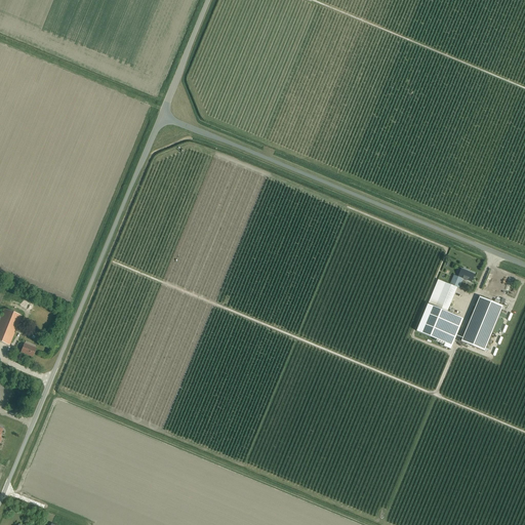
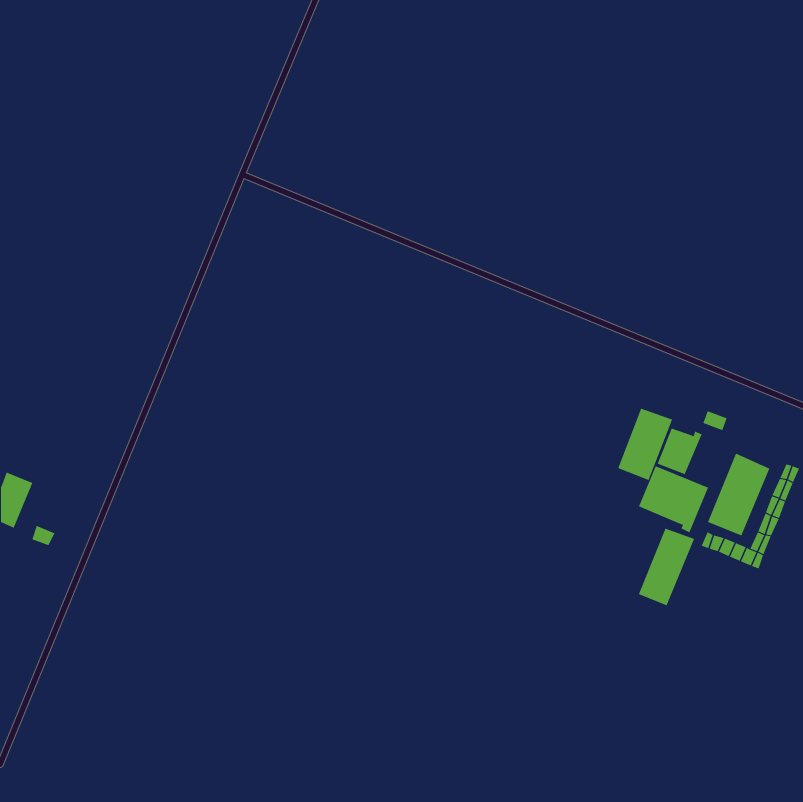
building: none -> [618,408,673,481]
building: none -> [638,528,695,606]

